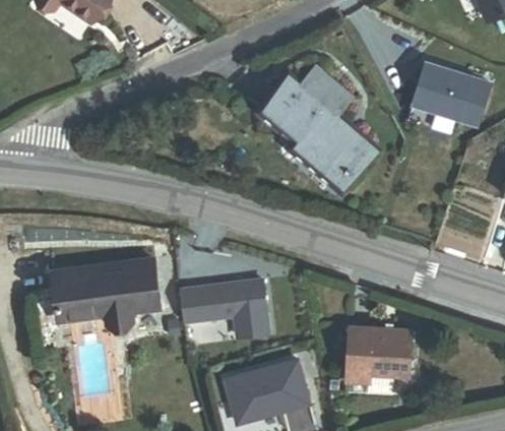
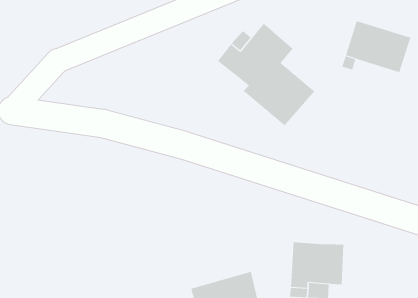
building: [51,258,157,323] -> none
building: [181,278,270,336] -> none

